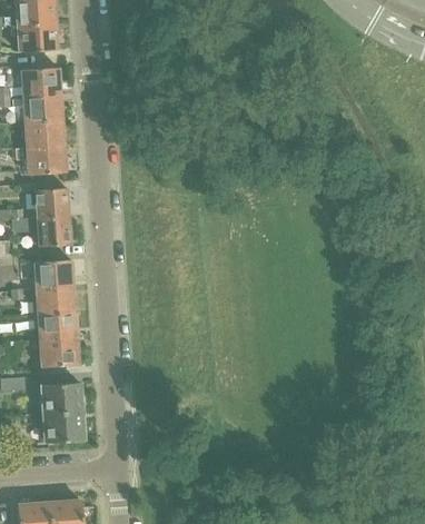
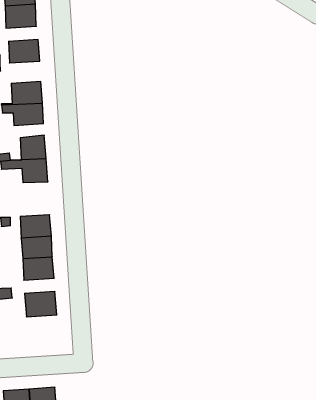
building: [22,95,61,122] -> none
building: [33,260,72,288] -> none
building: [43,411,83,442] -> none

